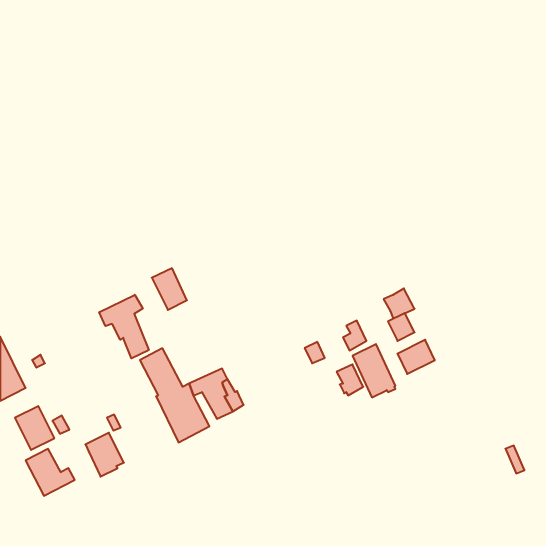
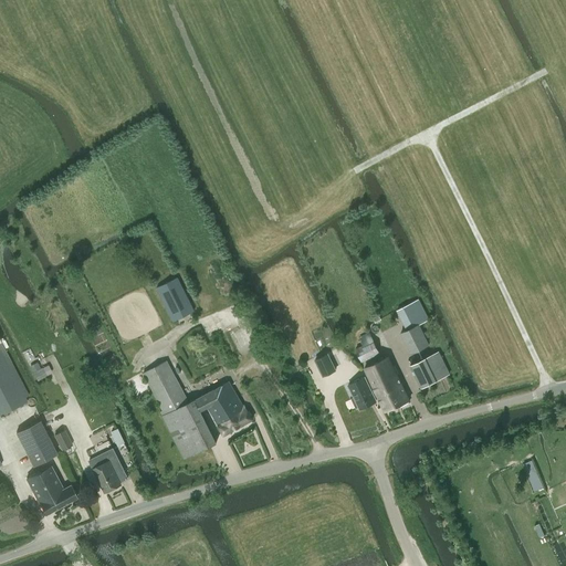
building: [99,295,149,358] -> none

